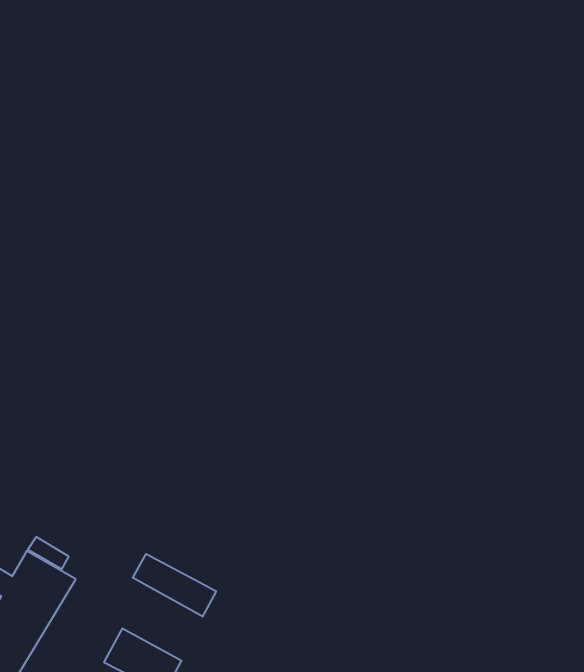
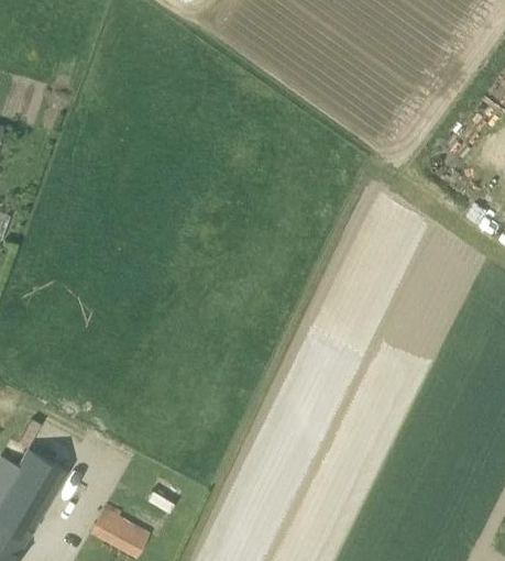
building: [133,554,216,617] -> none

